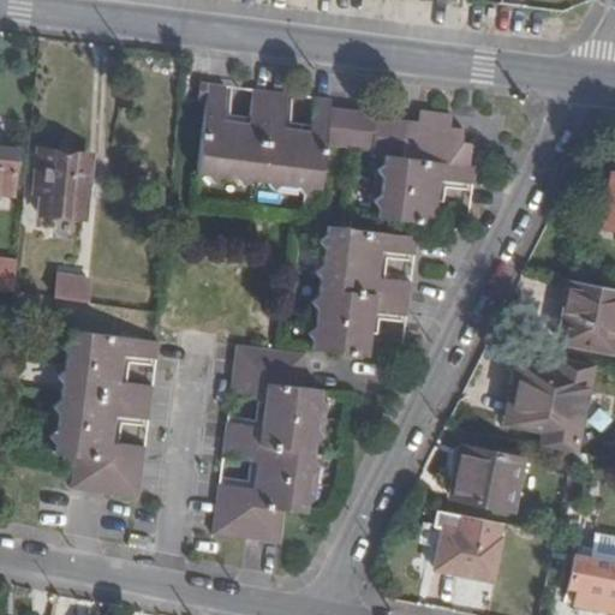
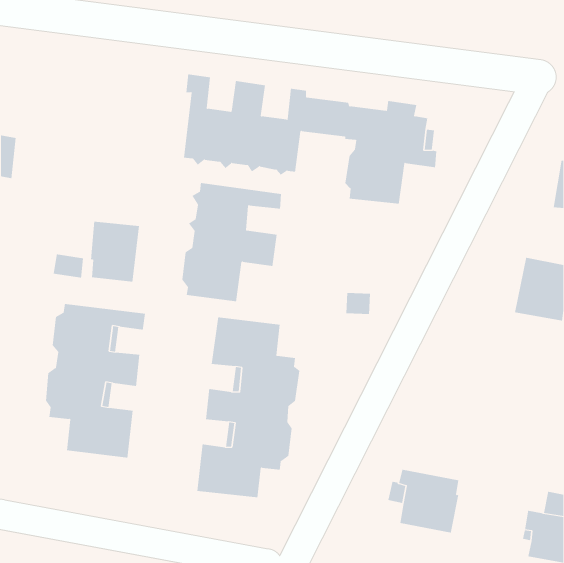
building: [38,153,92,219] -> [90,221,140,282]
building: [306,226,416,356] -> [182,183,282,302]
building: [510,358,593,453] -> none
building: [452,447,521,510] -> none

